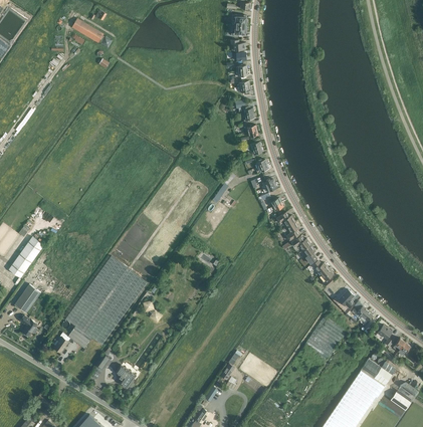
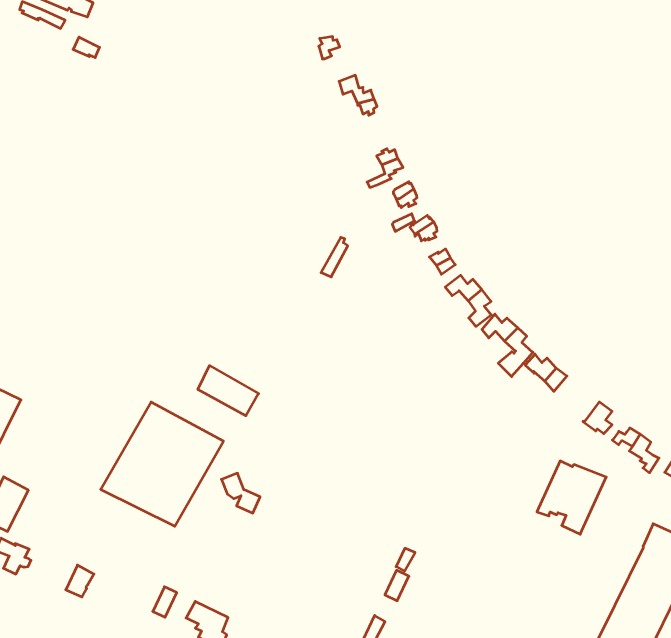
building: none -> [198,366,259,416]
building: [64,298,116,349] -> none

